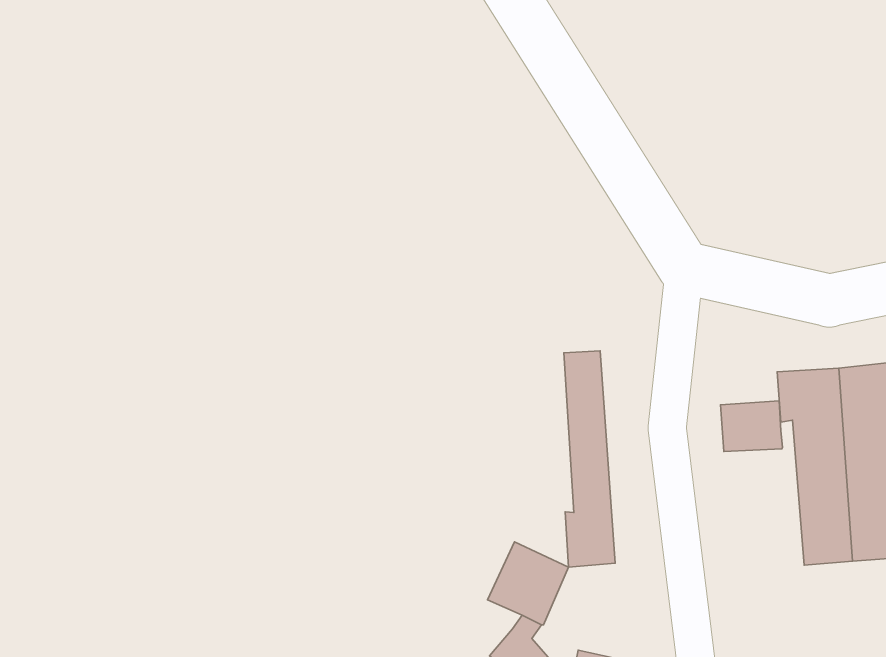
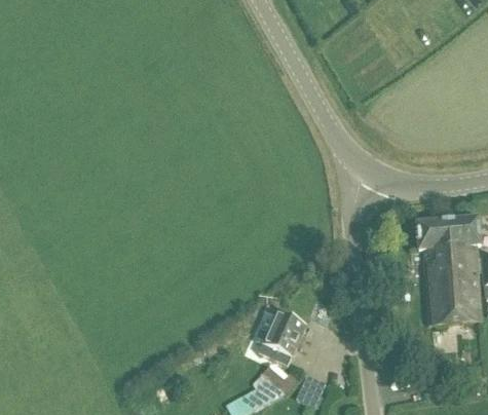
building: [564,351,615,567] -> none
building: [721,401,783,452] -> none

